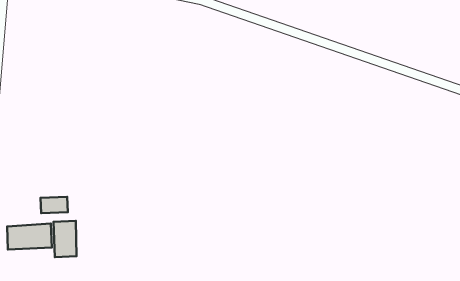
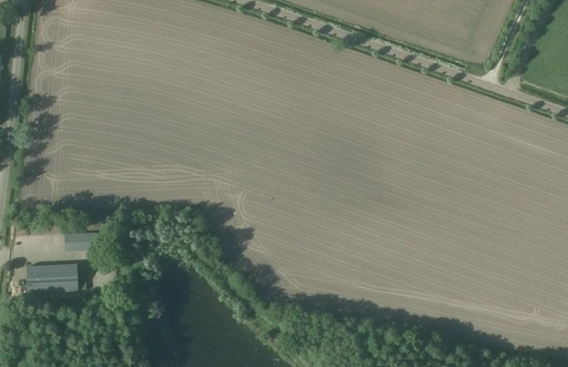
building: [53,221,76,257] -> none

